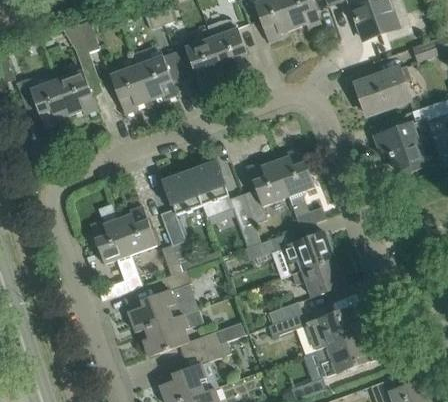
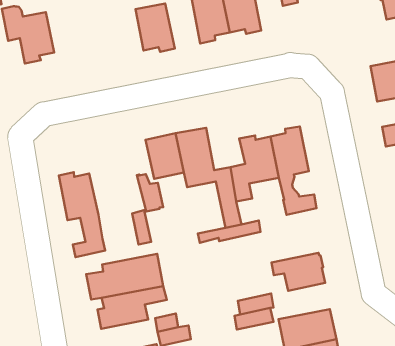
building: [110,64,149,113] -> none
building: [56,69,97,114] -> none
building: [117,205,157,254] -> none
building: [282,231,334,274] -> none

